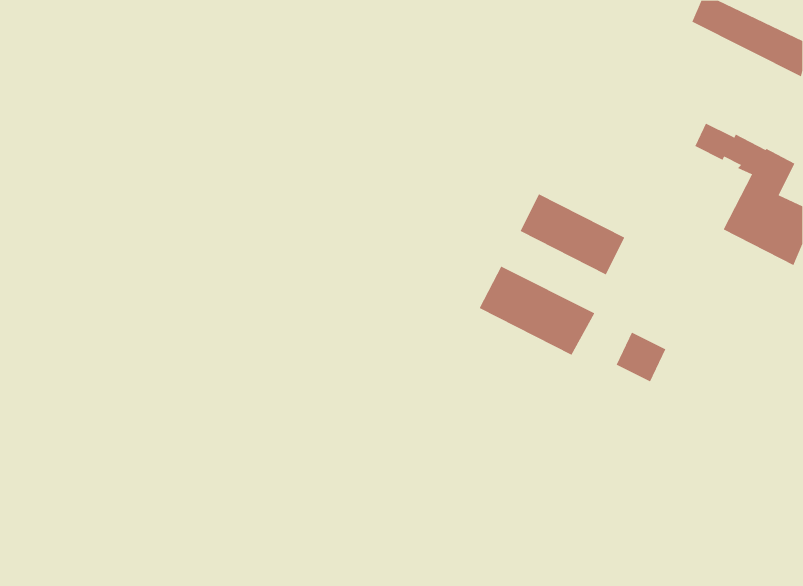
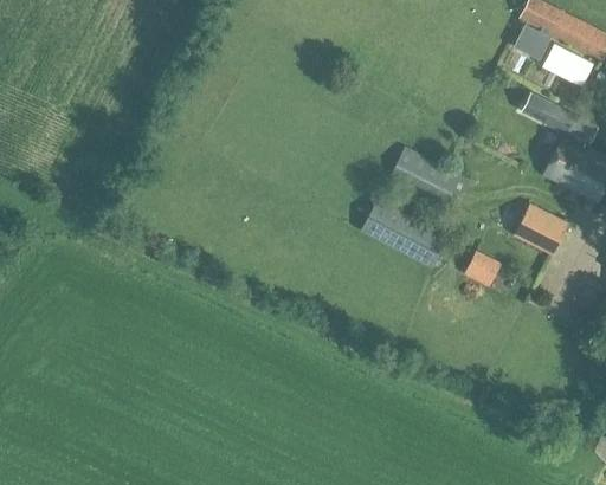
building: none -> [514,25,552,62]
building: none -> [542,44,593,88]
building: none -> [514,201,569,256]

